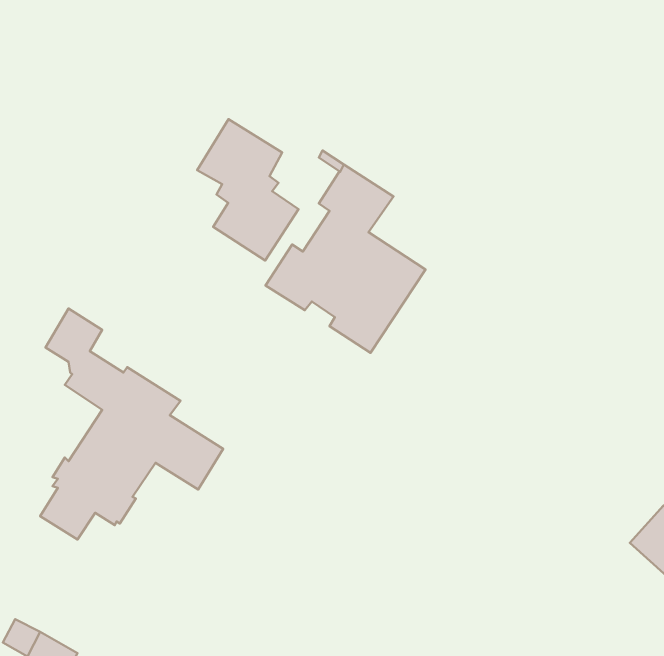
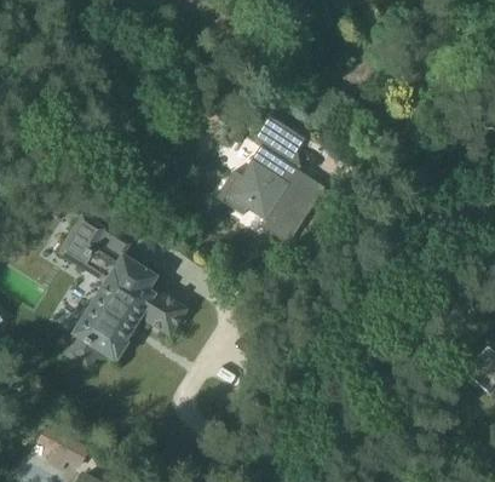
building: [197,119,298,261] -> none

